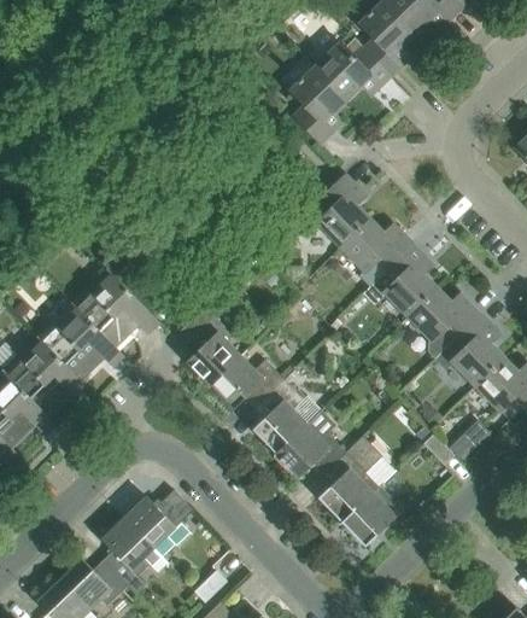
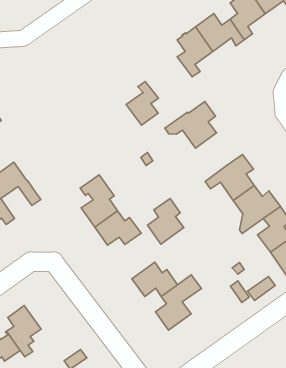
building: none -> [126,82,158,125]
building: [342,218,414,270] -> none
building: [77,268,160,348] -> none
building: [253,384,308,454] -> [147,198,184,244]
building: [342,486,403,546] -> none
building: [124,489,191,548] -> none

